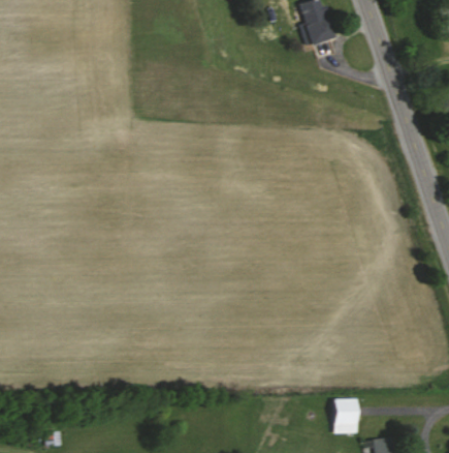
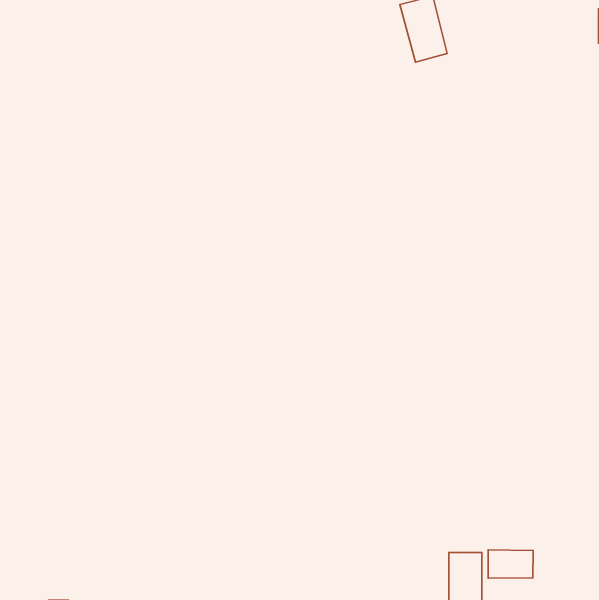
building: none -> [488,550,533,578]

